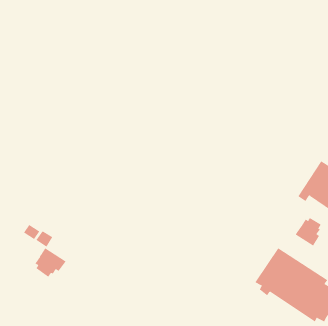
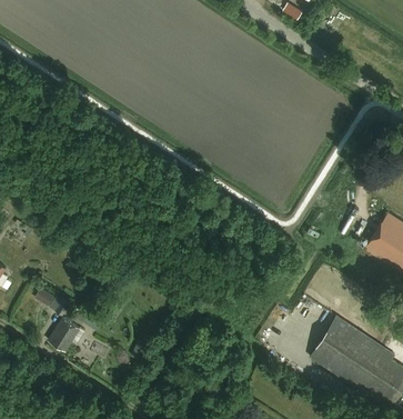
building: [295,217,321,247] -> none

